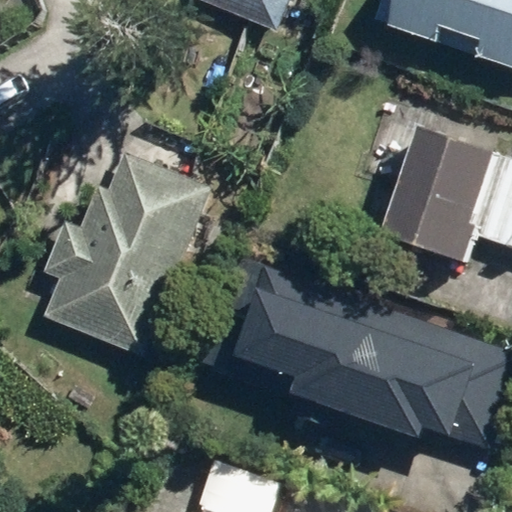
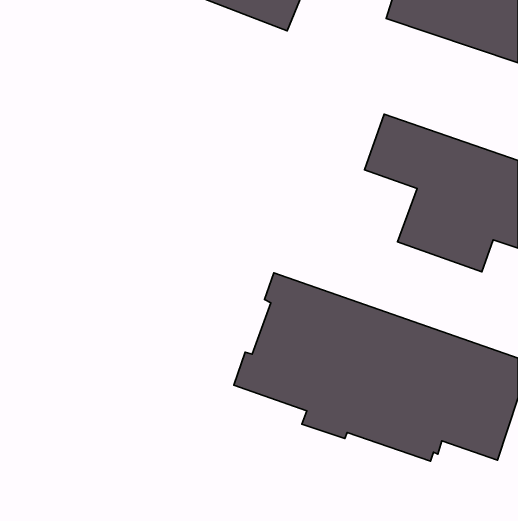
building: [43,150,214,354] -> none

